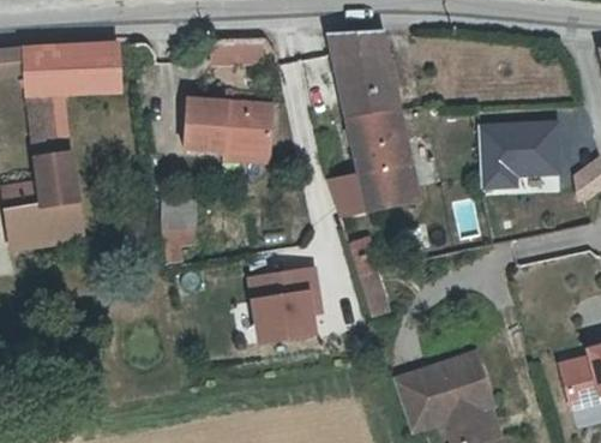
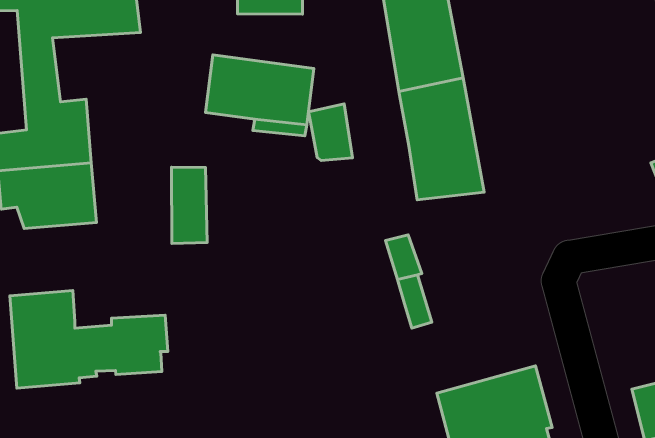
building: [479,120,560,193] -> none
building: [329,167,368,216] -> [308,104,353,161]
building: [246,267,321,343] -> none
building: none -> [10,290,168,388]

